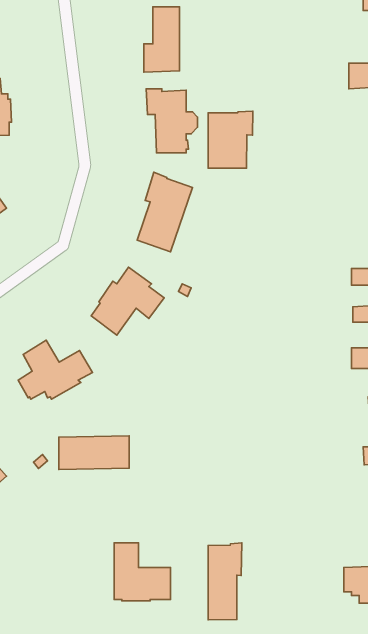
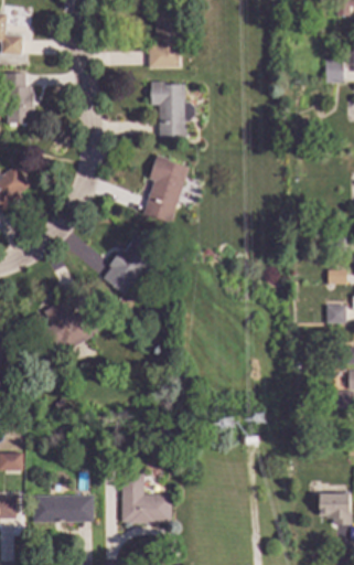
building: [208,111,253,168] -> none
building: [59,436,129,469] -> [33,494,94,523]
building: [208,543,242,620] -> none

